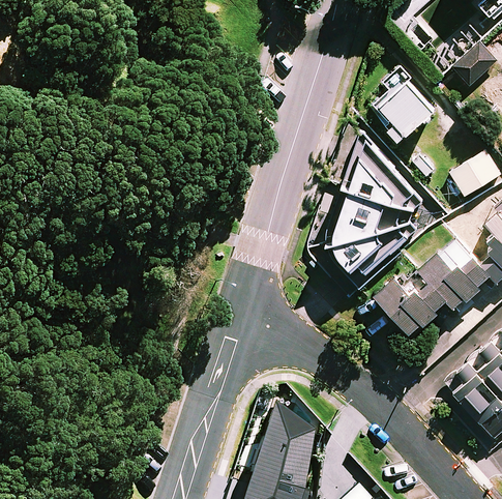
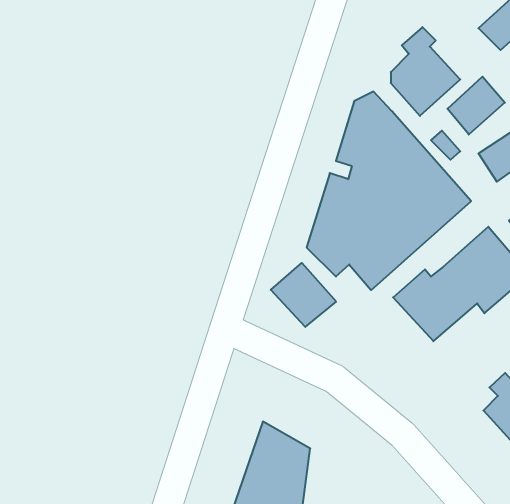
building: none -> [447,77,505,135]
building: none -> [271,263,336,327]

